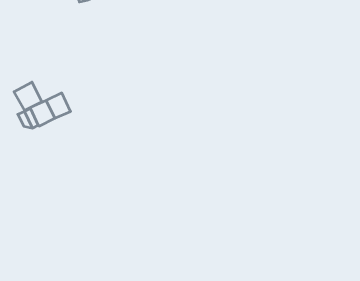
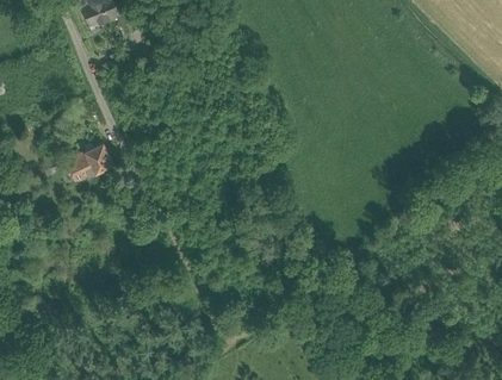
building: [14,82,42,111] -> none

